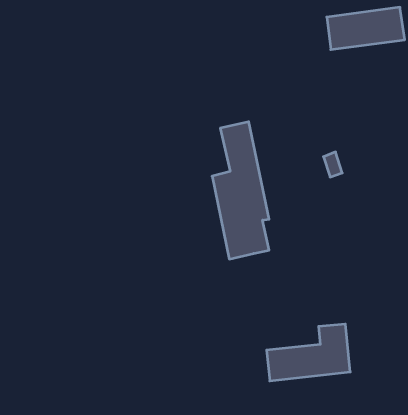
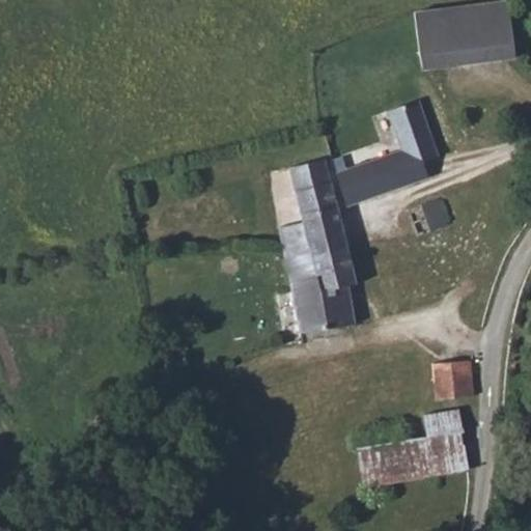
building: none -> [336,97,437,204]
building: none -> [436,361,480,404]

